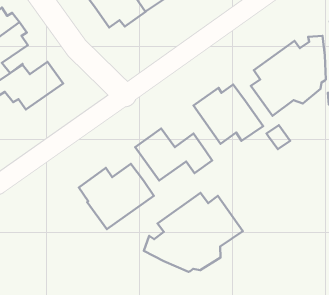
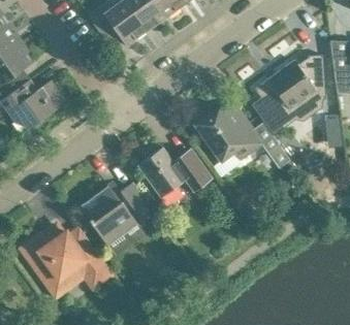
building: [144,193,243,272] -> none
building: none -> [21,226,114,297]

